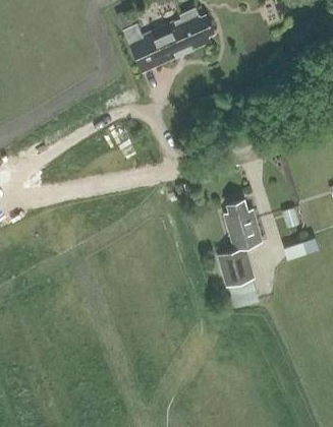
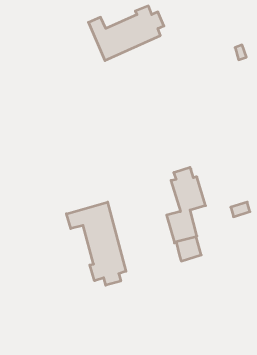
building: none -> [66,202,126,285]

